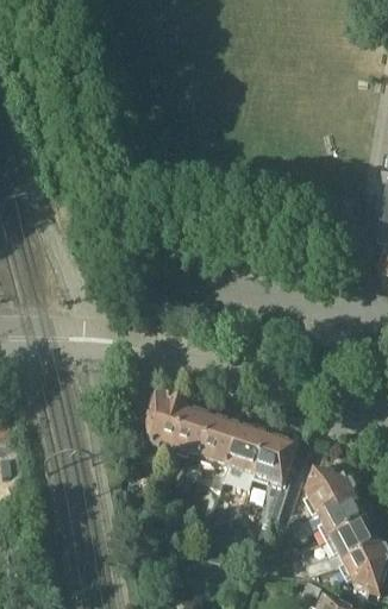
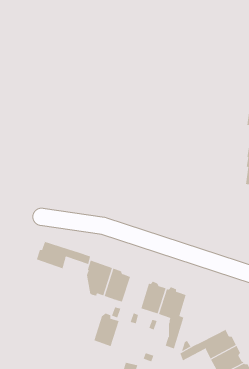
building: none -> [36,241,91,269]
building: [199,407,237,457] -> [93,313,119,347]
building: [302,459,352,506] -> none

